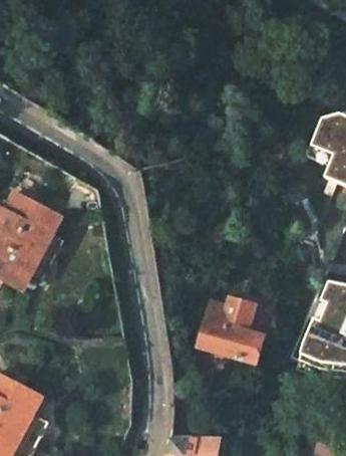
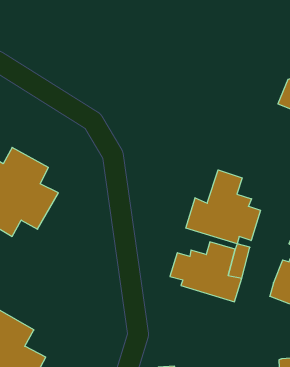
building: none -> [186,170,260,244]

